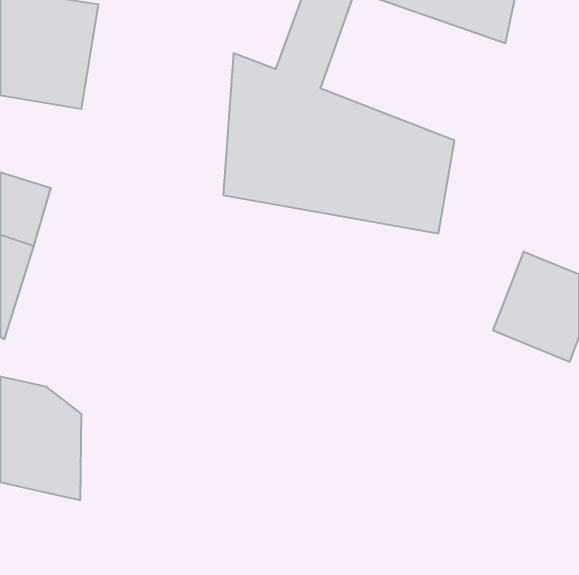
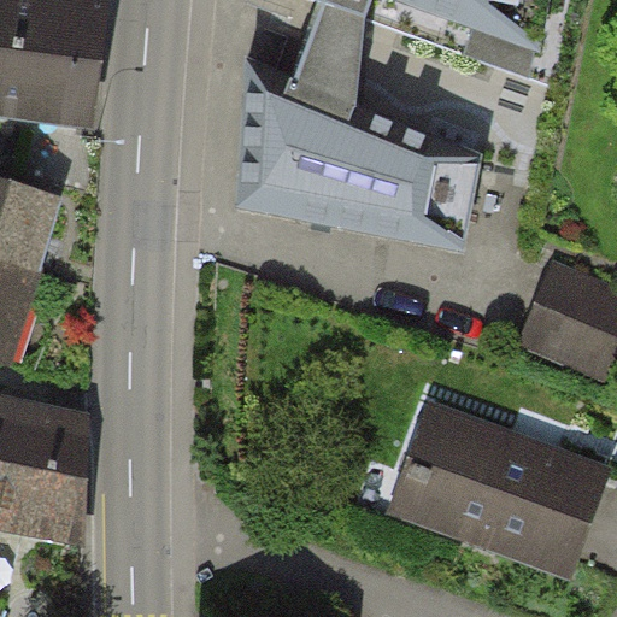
building: none -> [380,402,594,576]

